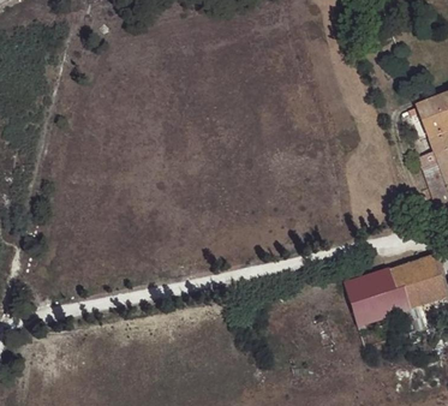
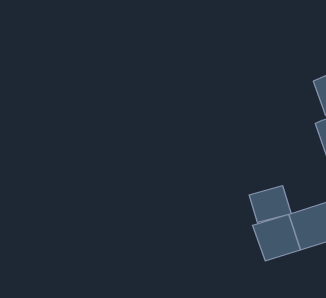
building: none -> [249,186,291,223]

